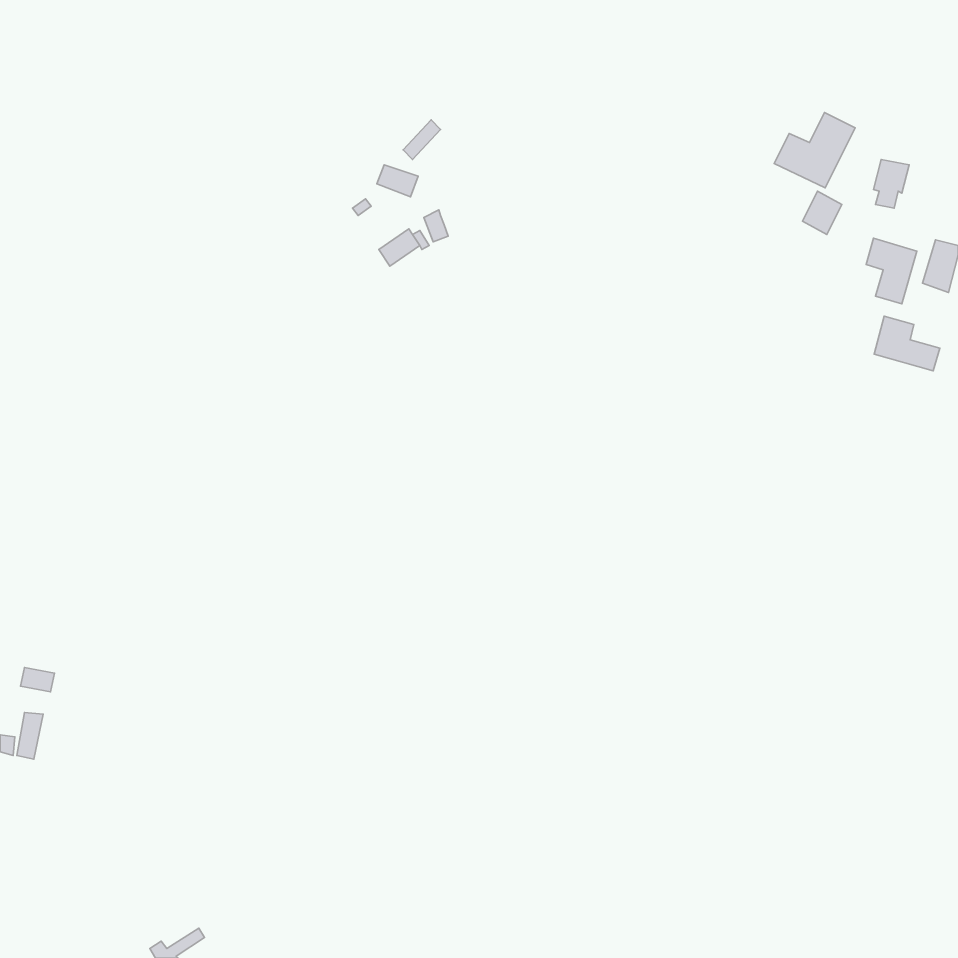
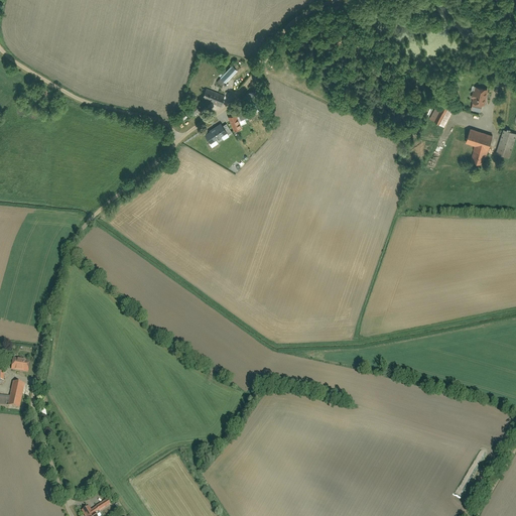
building: [774,113,855,188] -> none
building: [874,316,940,371] -> none

